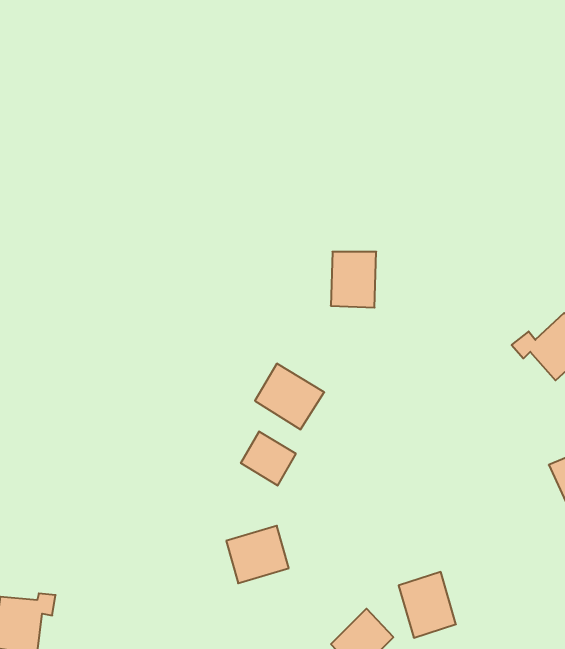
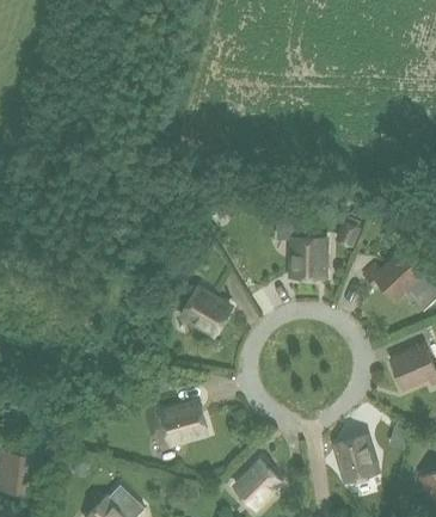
building: [331,252,376,308] -> [291,238,324,277]
building: [241,431,296,486] -> none
building: [399,572,456,638] -> [336,435,376,481]

